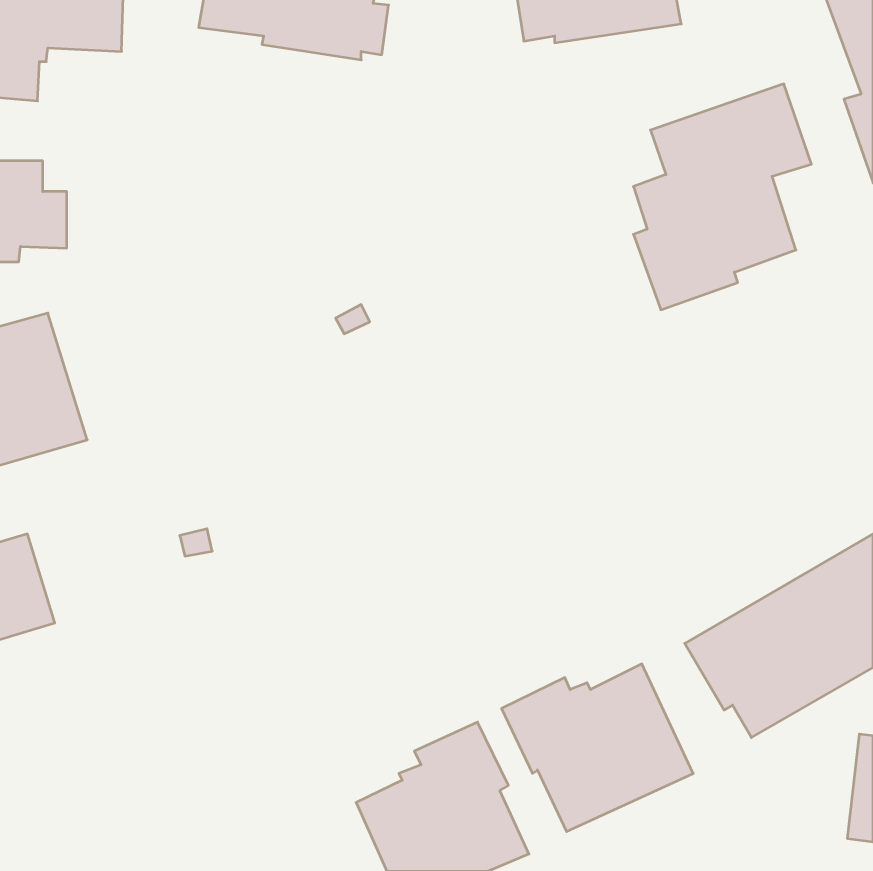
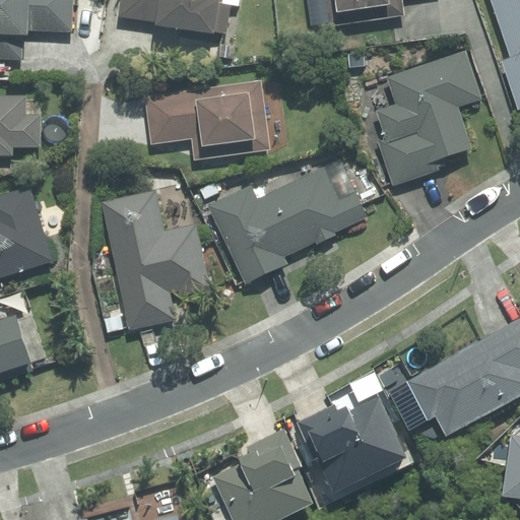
building: none -> [144,80,270,158]
building: none -> [207,167,367,283]
building: none -> [104,190,210,328]

